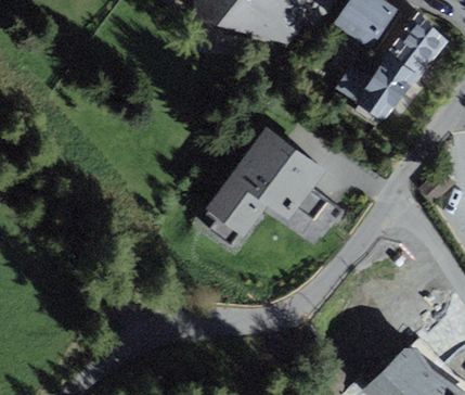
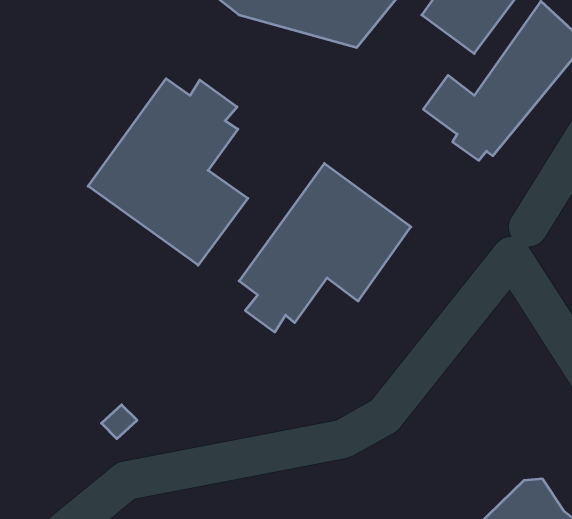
building: none -> [88,79,248,265]

